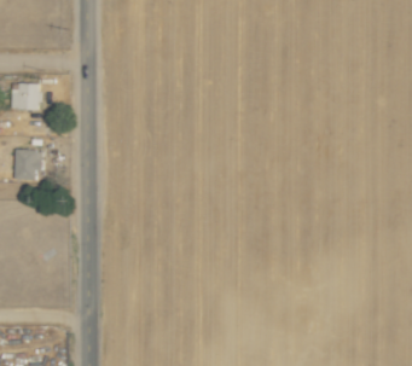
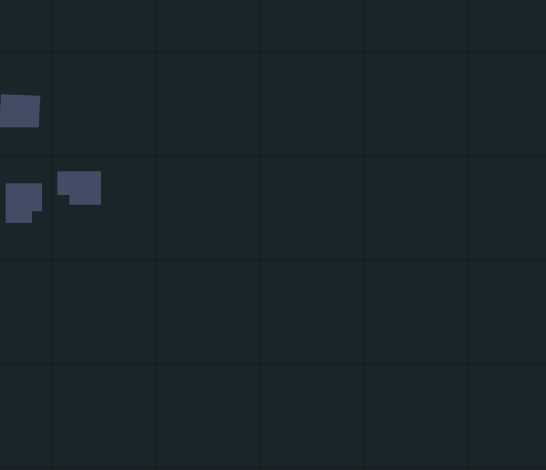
building: none -> [57,171,102,205]

